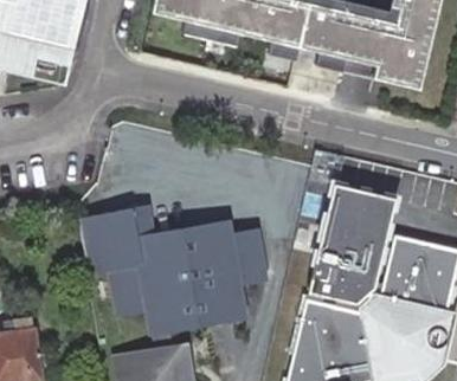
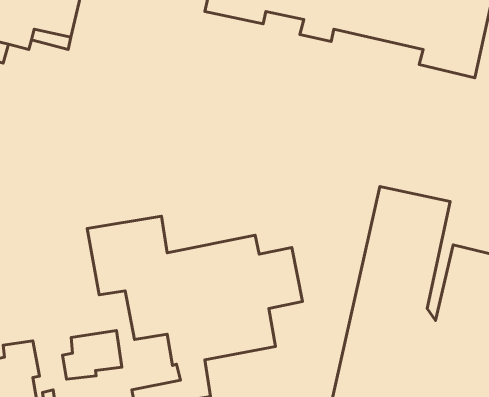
building: none -> [62,331,122,379]

